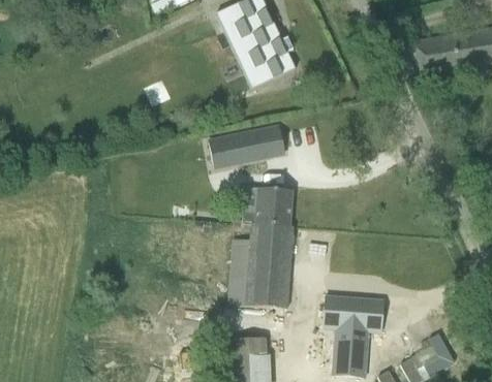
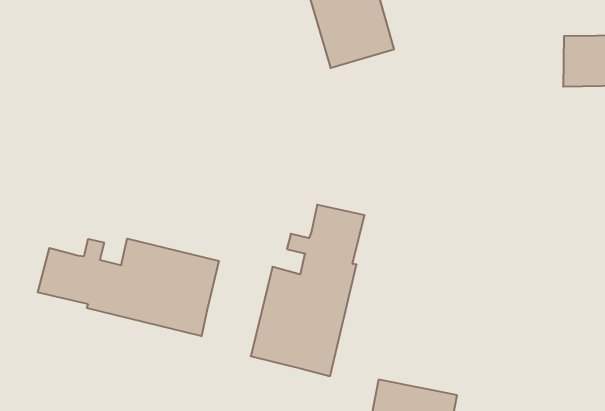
building: [209,128,285,164] -> none
building: none -> [38,239,219,336]

